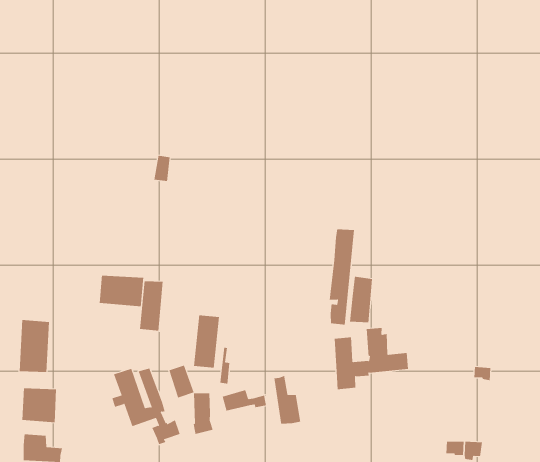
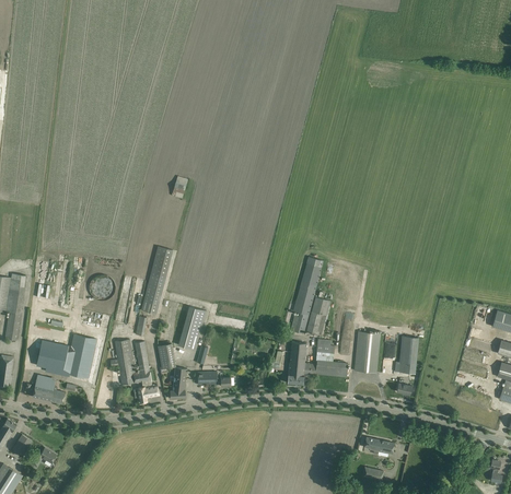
building: [99,275,144,307] -> none
building: none -> [394,336,418,373]
building: none -> [355,331,381,373]
building: [19,319,50,373] -> [66,333,96,378]
building: [274,375,301,424] -> none

